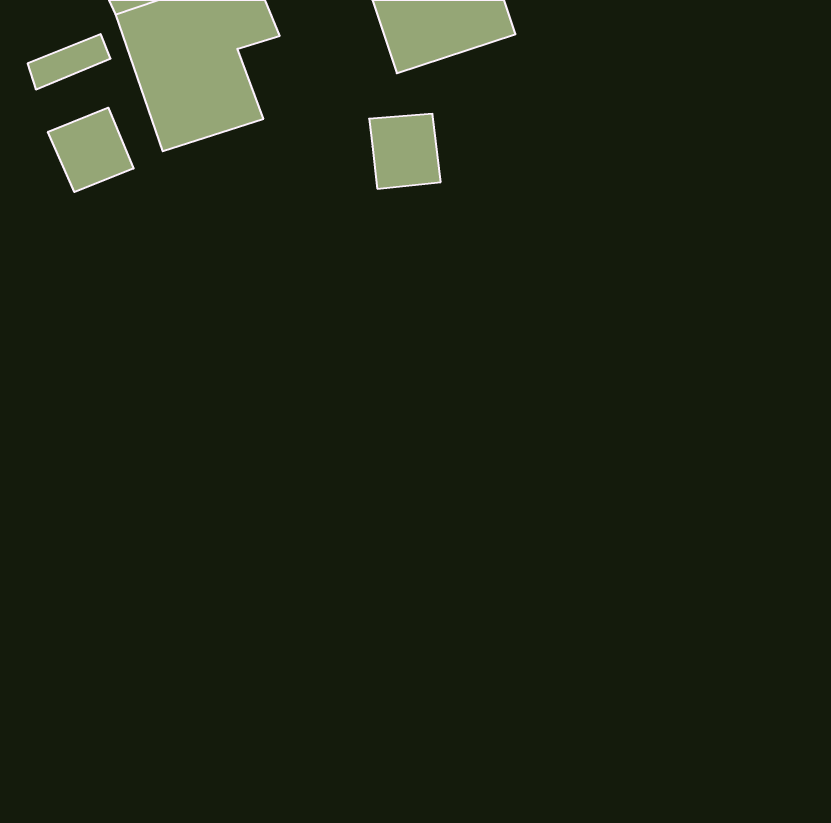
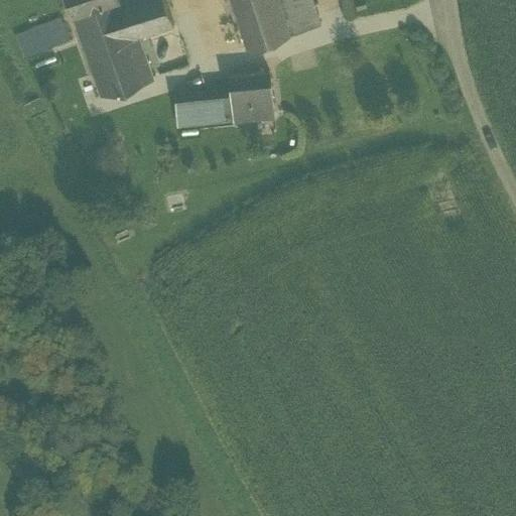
building: [48,108,134,192] -> none
building: none -> [175,96,234,129]

